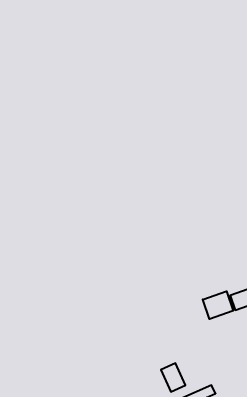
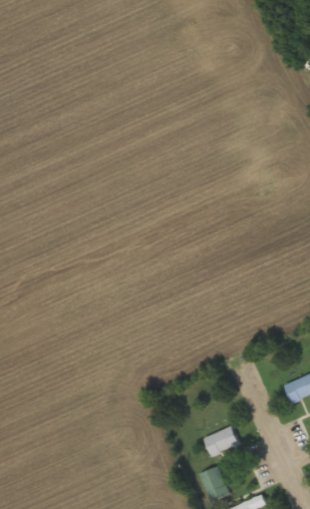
building: [203,291,233,319] -> none
building: none -> [203,426,239,456]

